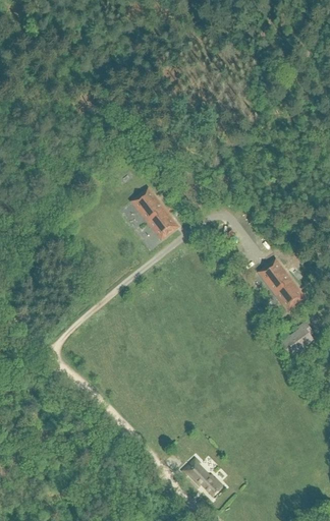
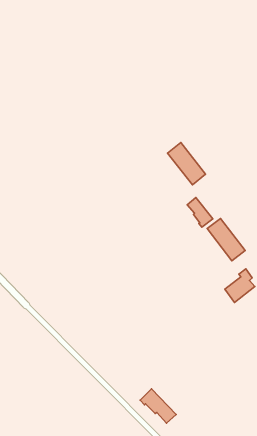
building: [132,191,176,240] -> [168,142,206,185]
building: none -> [187,198,213,227]

